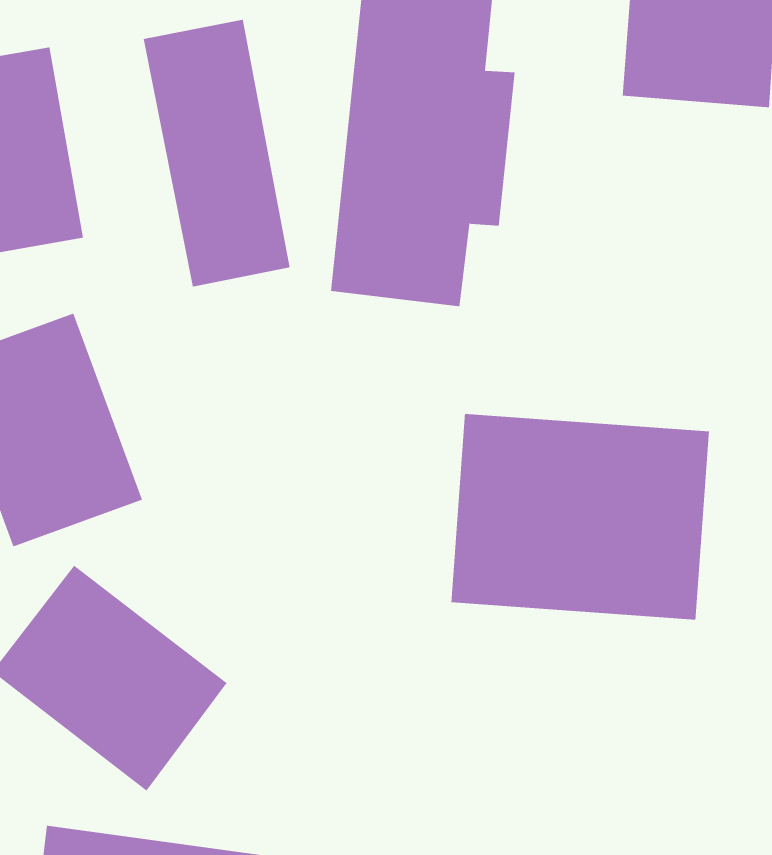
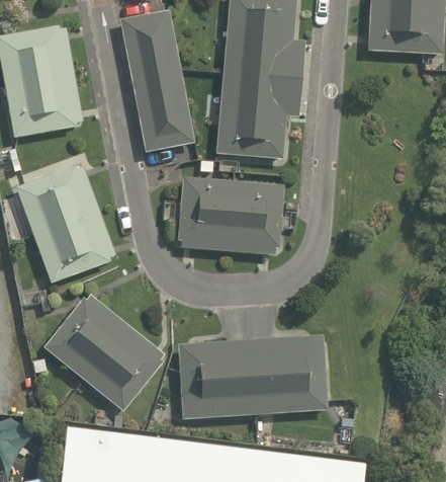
building: none -> [177,177,279,254]
building: [451,413,709,620] -> none
building: none -> [177,336,327,417]

